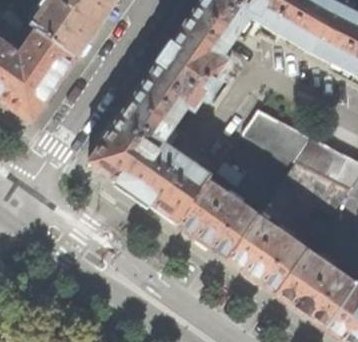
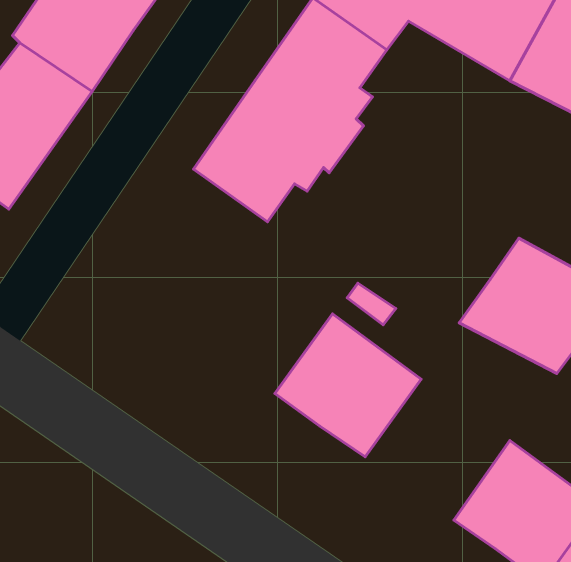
building: [88,99,212,223] -> none
building: [242,109,312,160] -> none
building: [227,215,307,293] -> none

